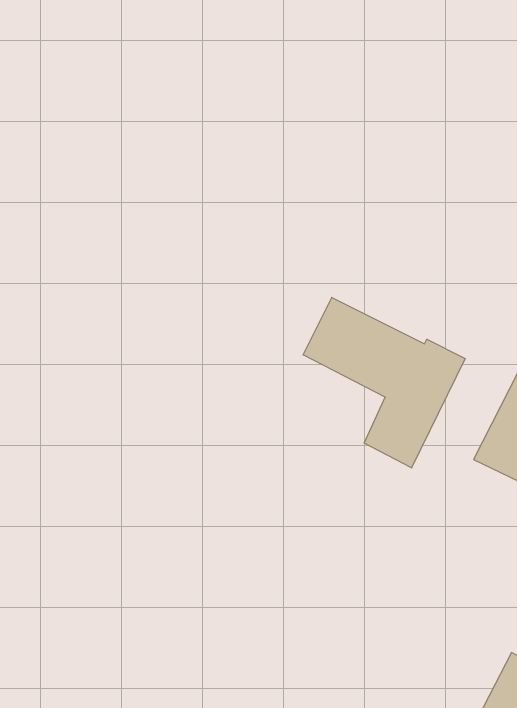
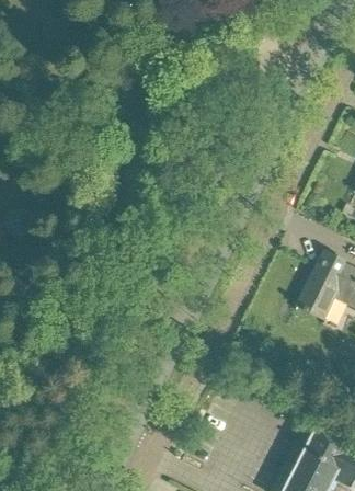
building: [303,297,465,468] -> none

